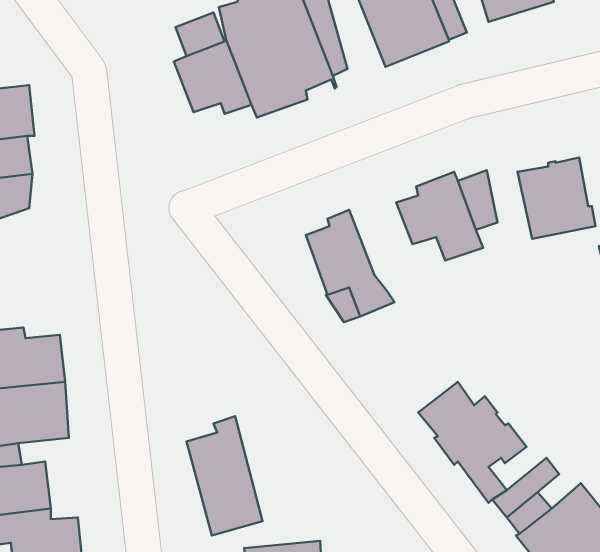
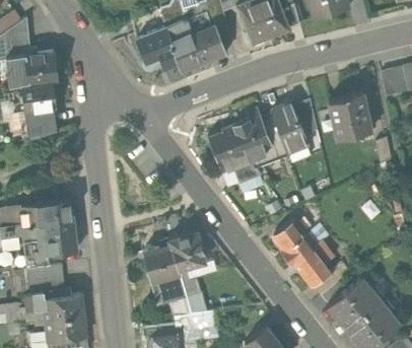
building: none -> [233,114,288,168]
building: none -> [169,231,205,297]

